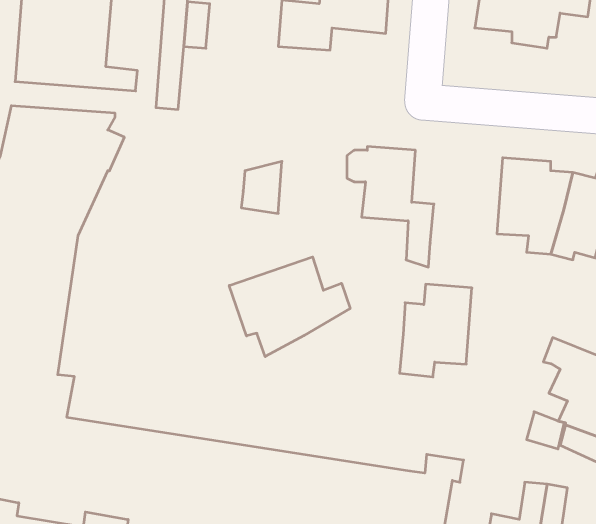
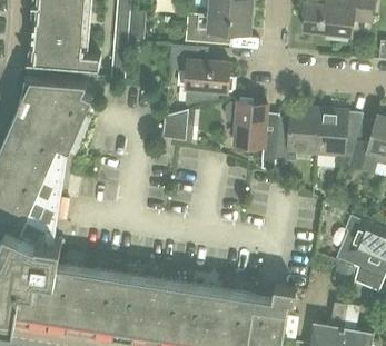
building: none -> [170,46,232,105]
building: [229,257,350,357] -> none
building: [400,284,472,377] -> [276,107,319,162]

